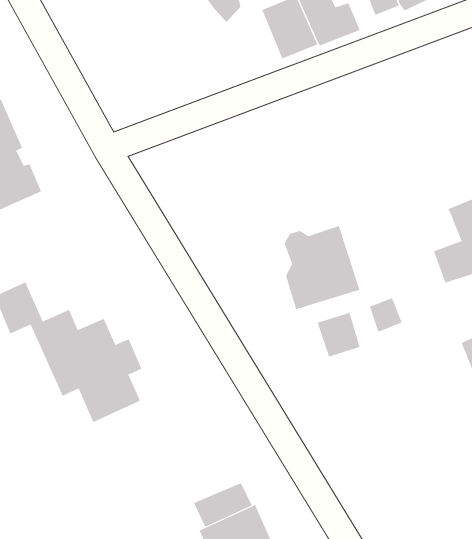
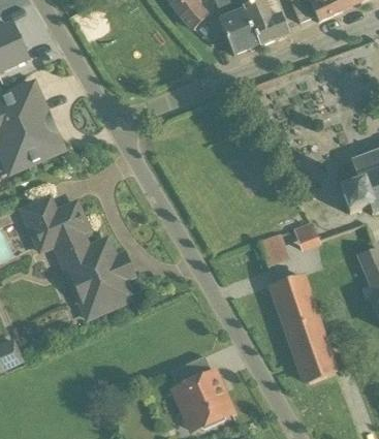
building: [284,225,360,310] -> none
building: none -> [51,201,88,240]
building: none -> [272,274,334,382]

